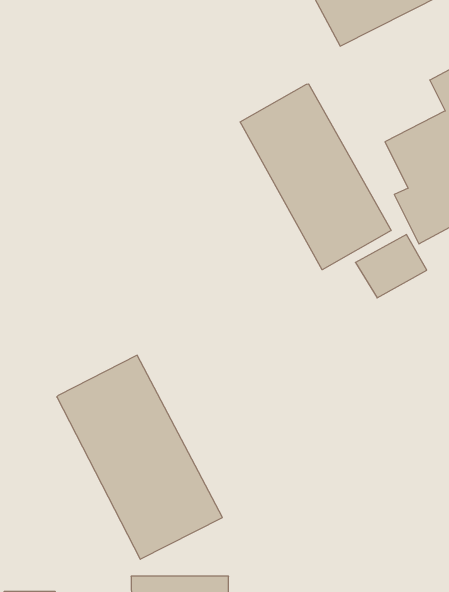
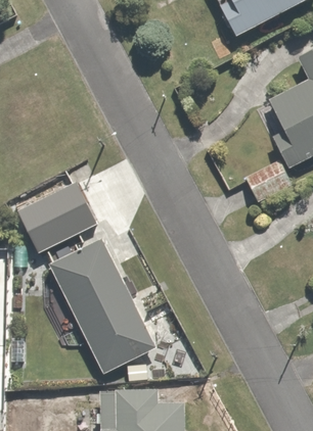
building: [240,84,391,270] -> none
building: none -> [27,178,101,260]

